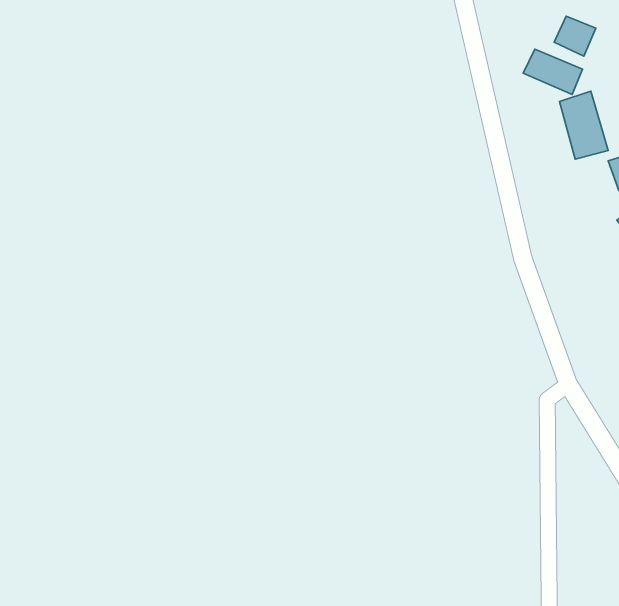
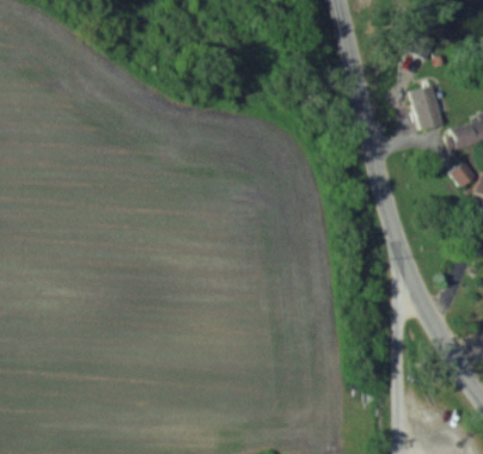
building: [523,49,582,94] -> none

